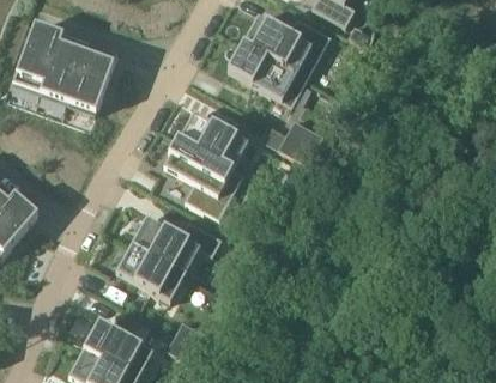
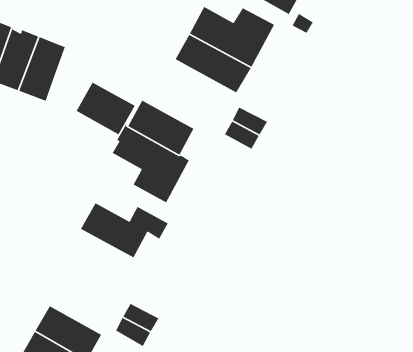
building: none -> [75,81,136,135]
building: [115,242,185,299] -> none

